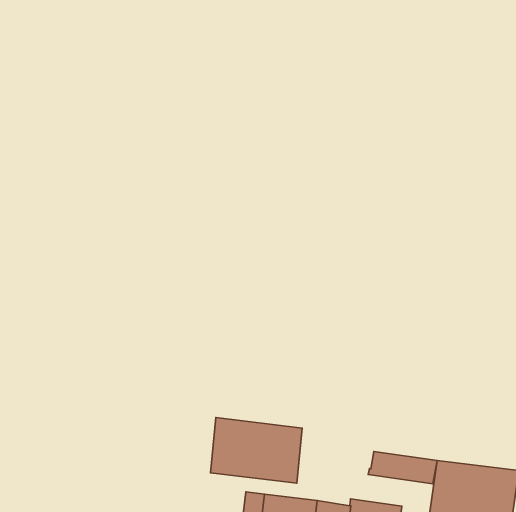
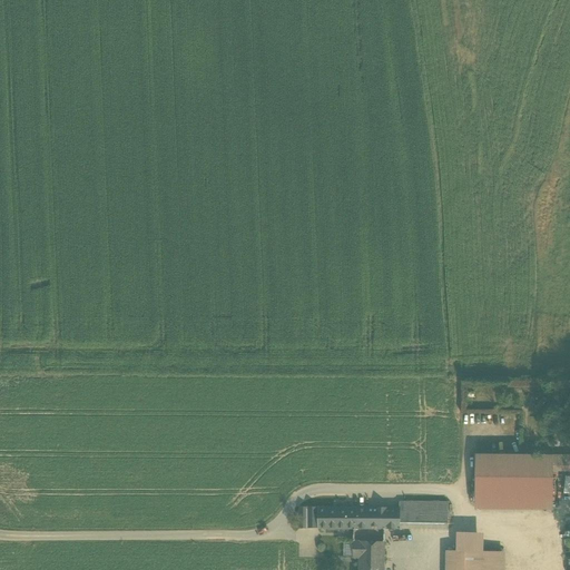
building: [210,418,302,483] -> none
building: [368,452,437,484] -> none

